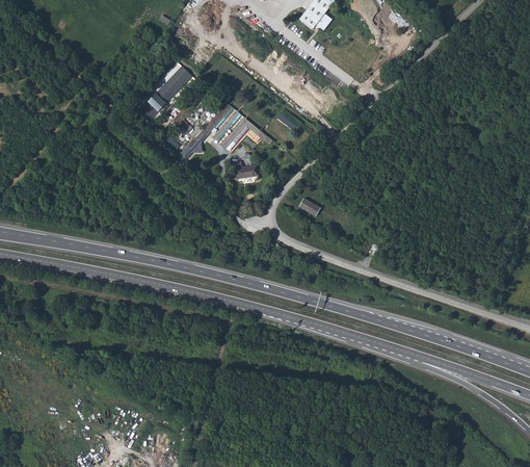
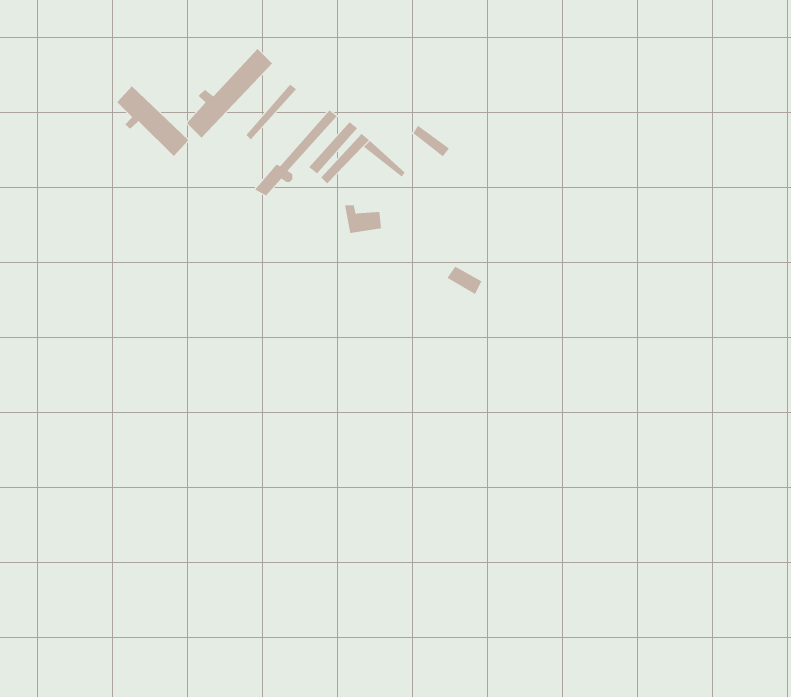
building: none -> [116,85,189,157]

